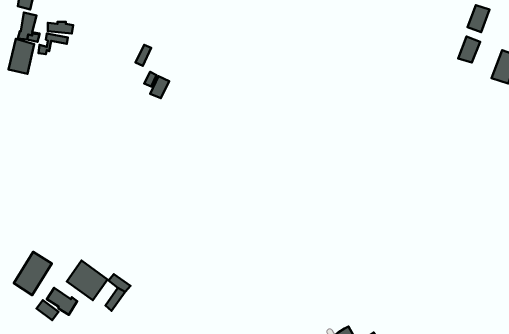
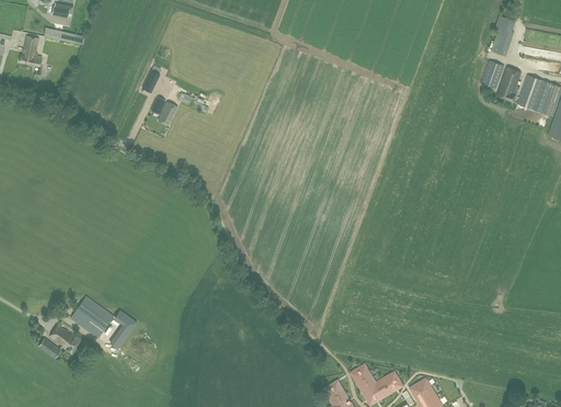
building: [8,39,34,74] -> none
building: none -> [496,67,520,102]
building: [14,252,52,295] -> none

